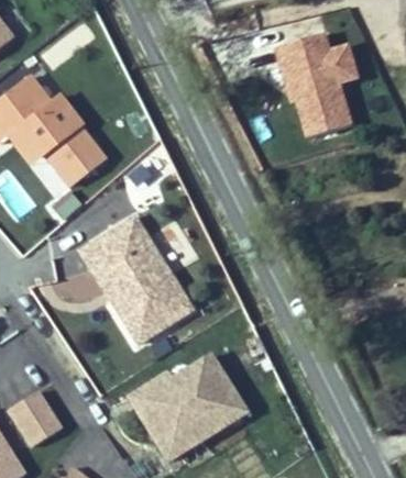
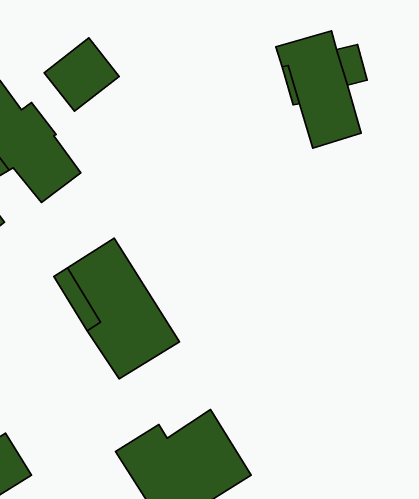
building: none -> [44,38,119,111]

